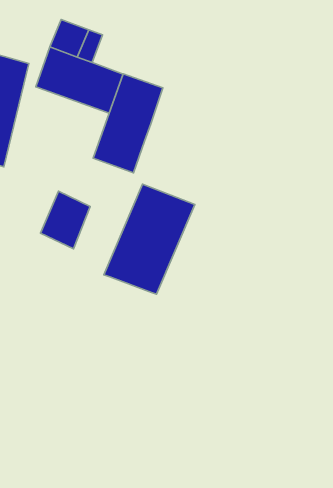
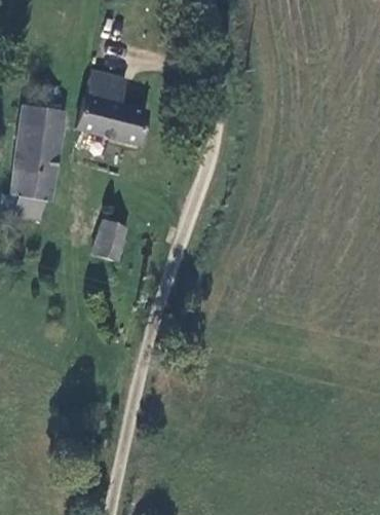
building: [93,74,163,173] -> none
building: [104,184,195,294] -> none

